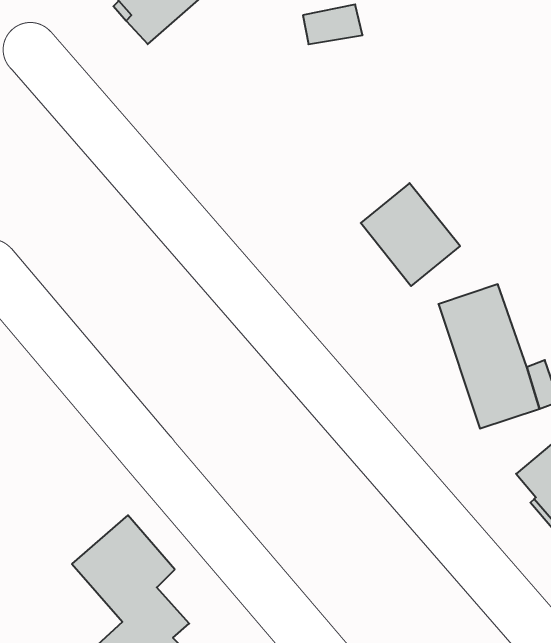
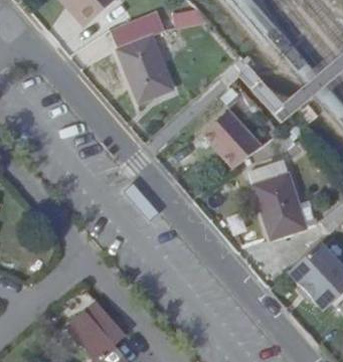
building: none -> [112,11,174,104]

